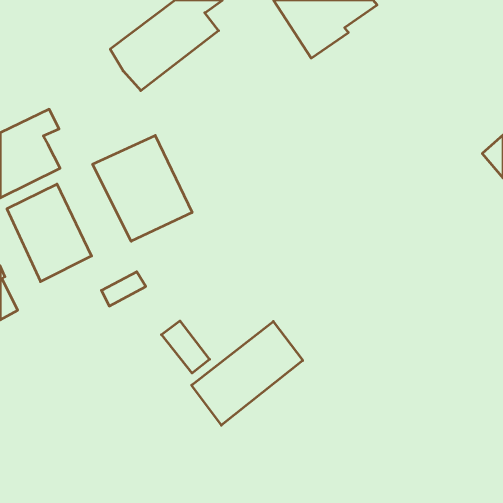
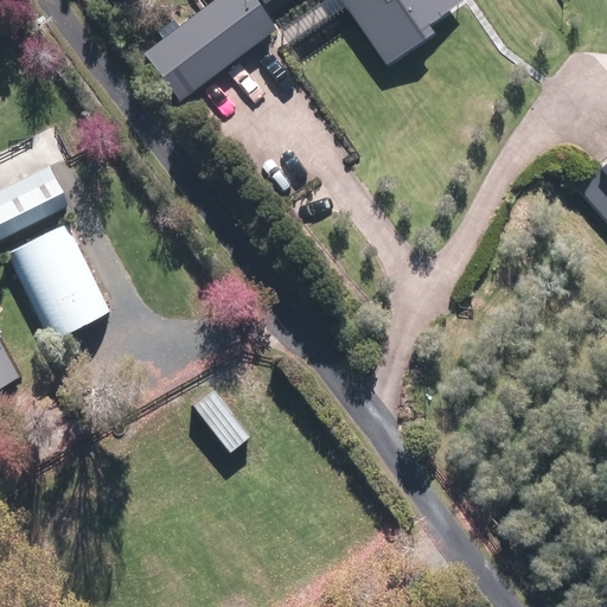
building: [93,135,192,241] -> none
building: [192,321,303,425] -> none

